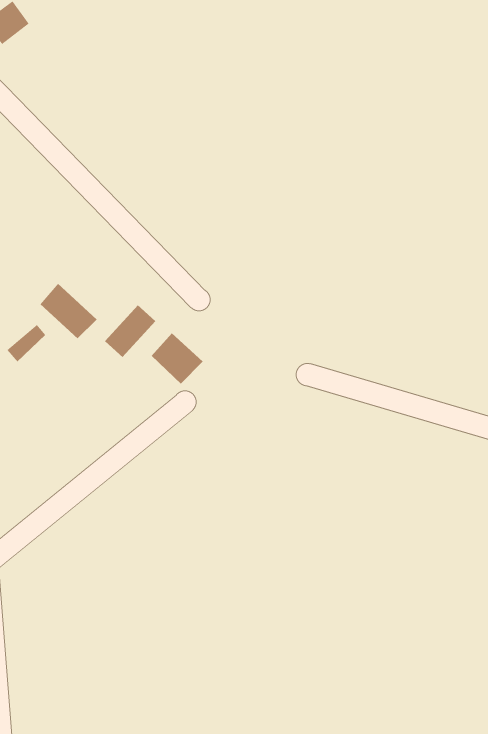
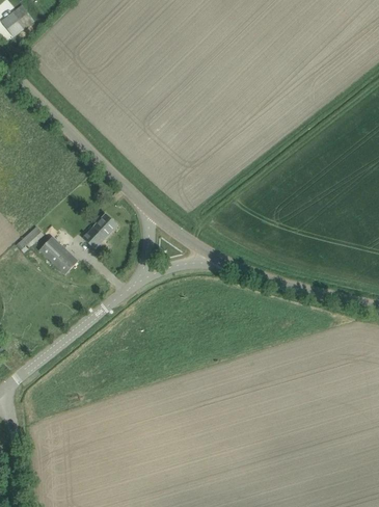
building: [39,283,97,339] -> [38,236,78,274]
building: [151,333,204,384] -> none

